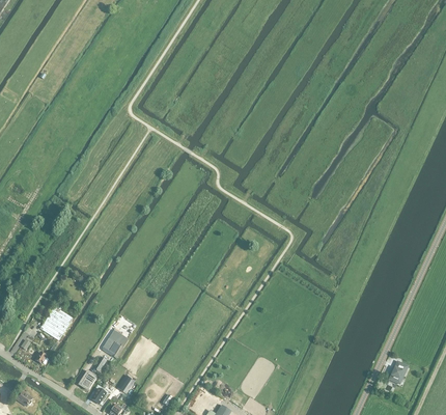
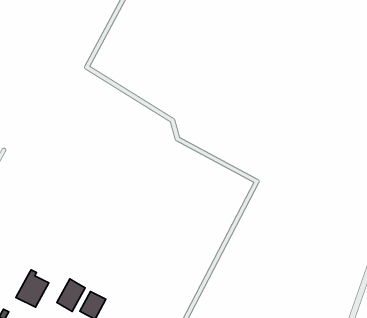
building: none -> [57,279,85,311]

